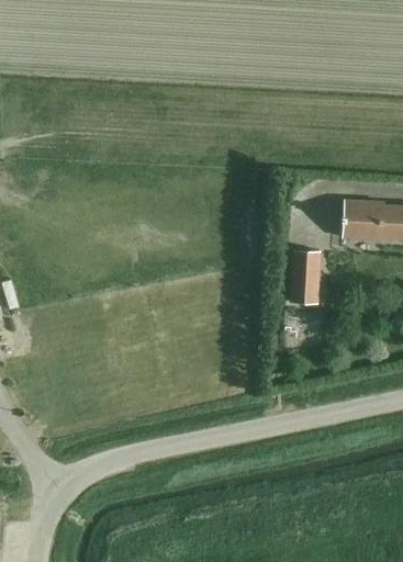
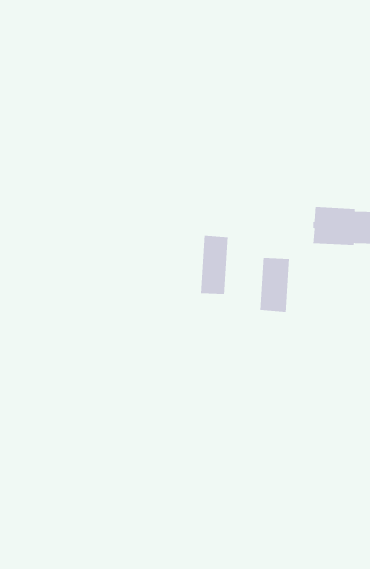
building: none -> [200,235,228,295]

